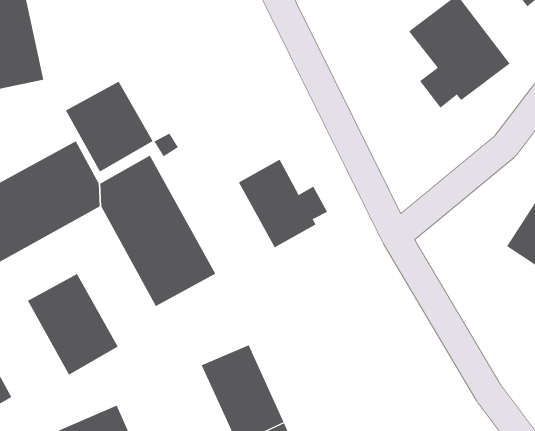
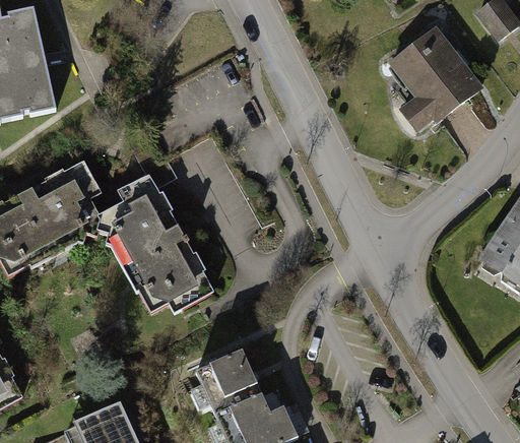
building: [65,81,153,172] -> none
building: [238,159,328,248] -> none
building: [27,273,119,376] -> none

